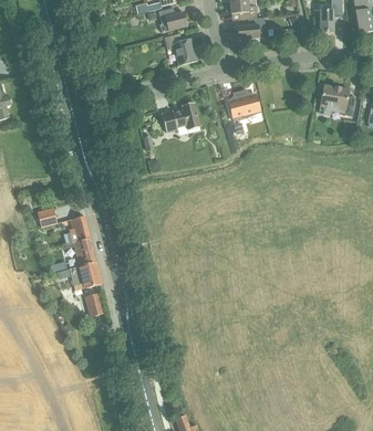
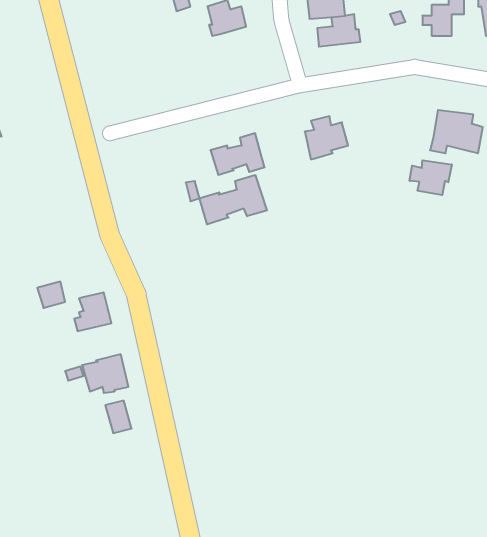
building: [163,32,197,64] -> none
building: none -> [410,160,452,195]
building: none -> [200,175,267,224]
building: [63,236,96,263] -> none

